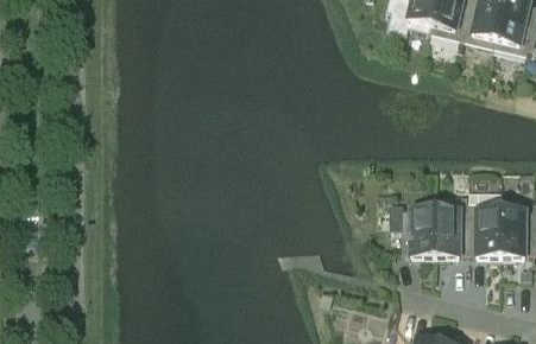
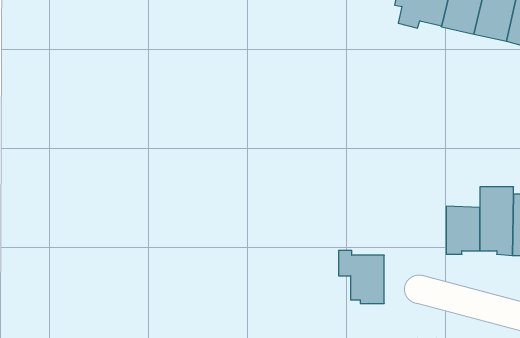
building: [401,202,446,254] -> [339,250,384,303]

